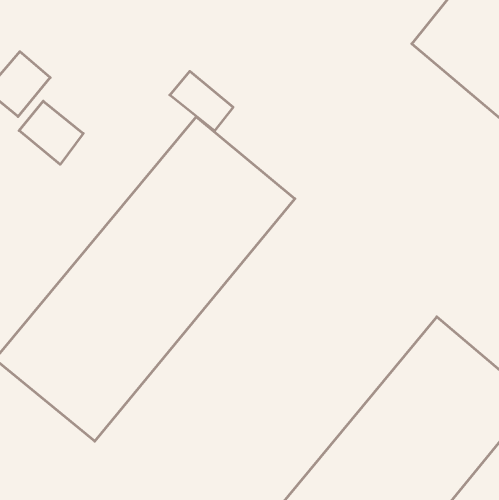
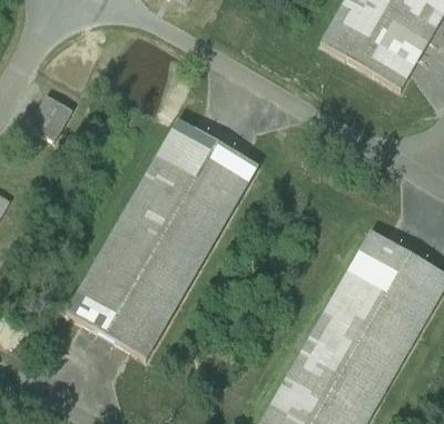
building: [170,71,233,131] -> none
building: [19,101,83,164] -> none

